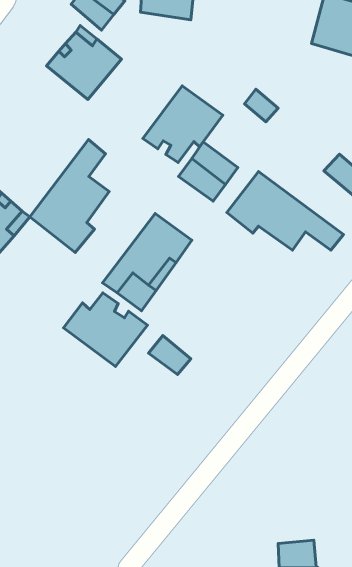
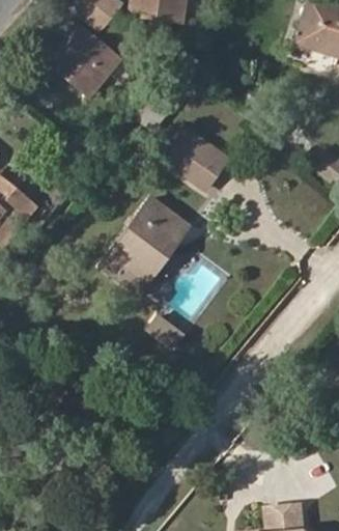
building: [143,86,223,162] -> none
building: [30,140,109,252] -> none
building: [227,171,343,250] -> none
building: [64,293,147,367] -> none

